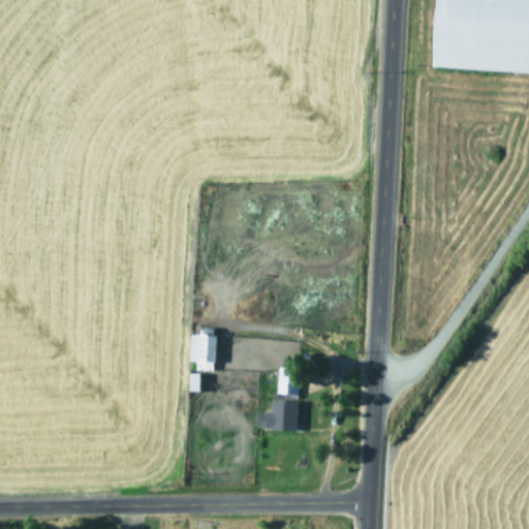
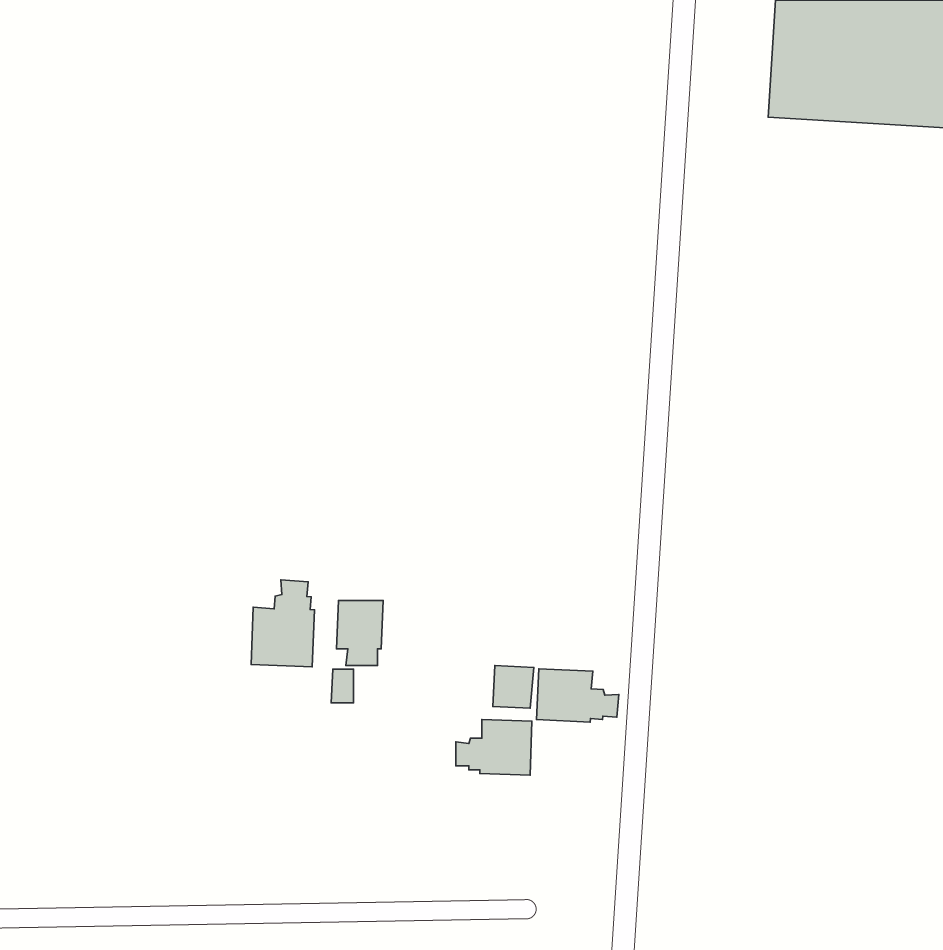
building: none -> [251,580,314,667]
building: none -> [536,669,619,722]

